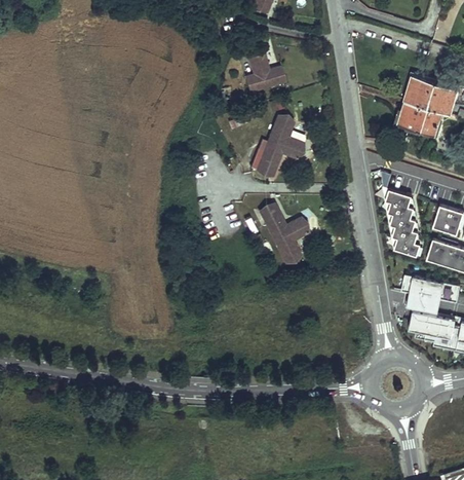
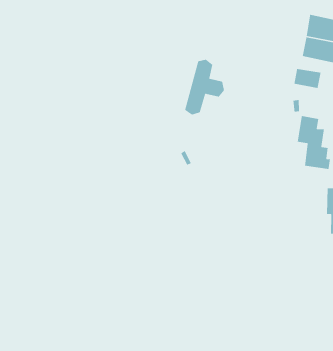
building: [245,52,286,93] -> none
building: none -> [294,68,321,89]
building: [259,204,308,264] -> none

